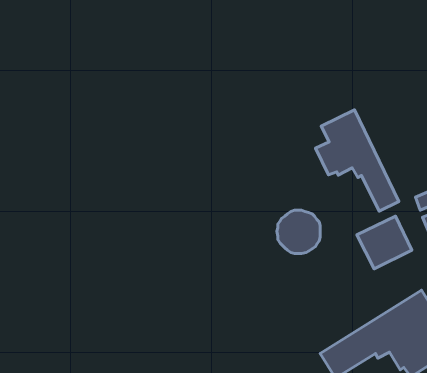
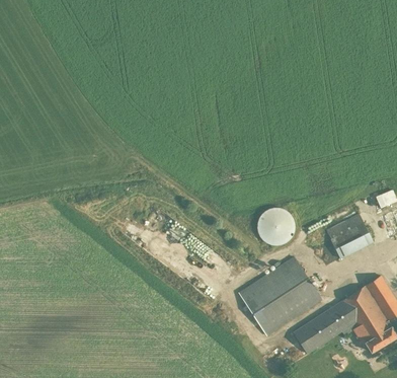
building: [316,110,399,211] -> none
building: none -> [238,256,322,335]

